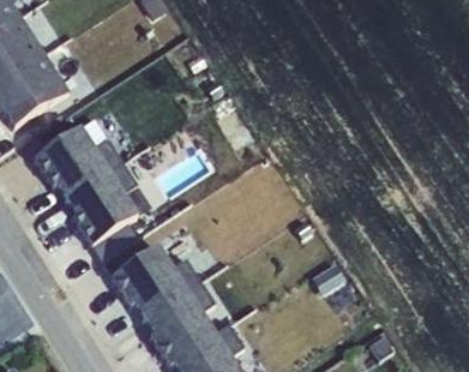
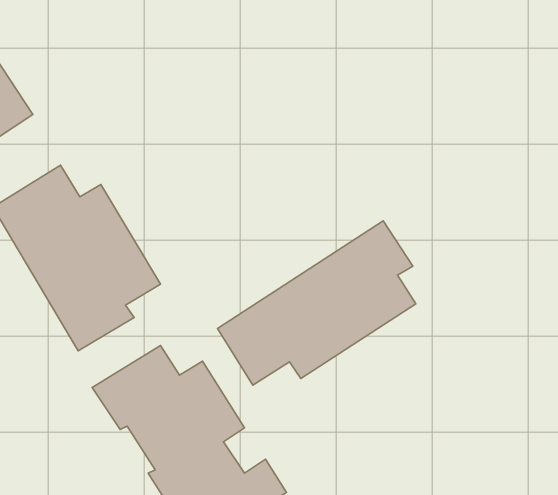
building: none -> [217,221,416,385]

